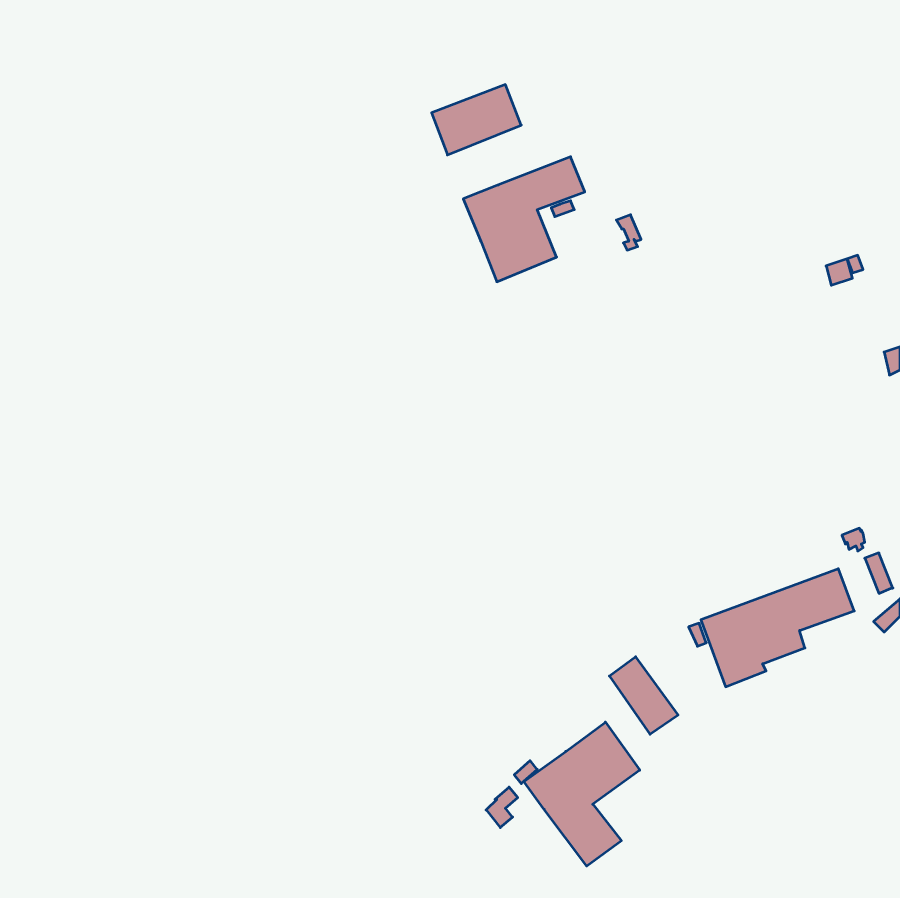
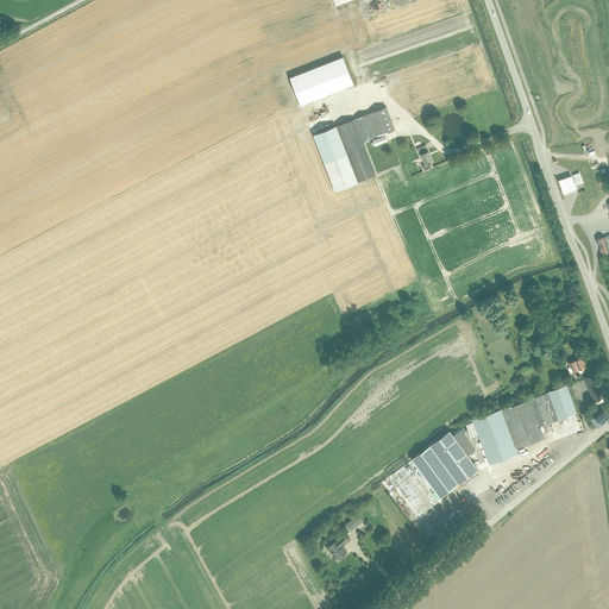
building: none -> [429,428,478,484]
building: [524,722,640,866] -> none

